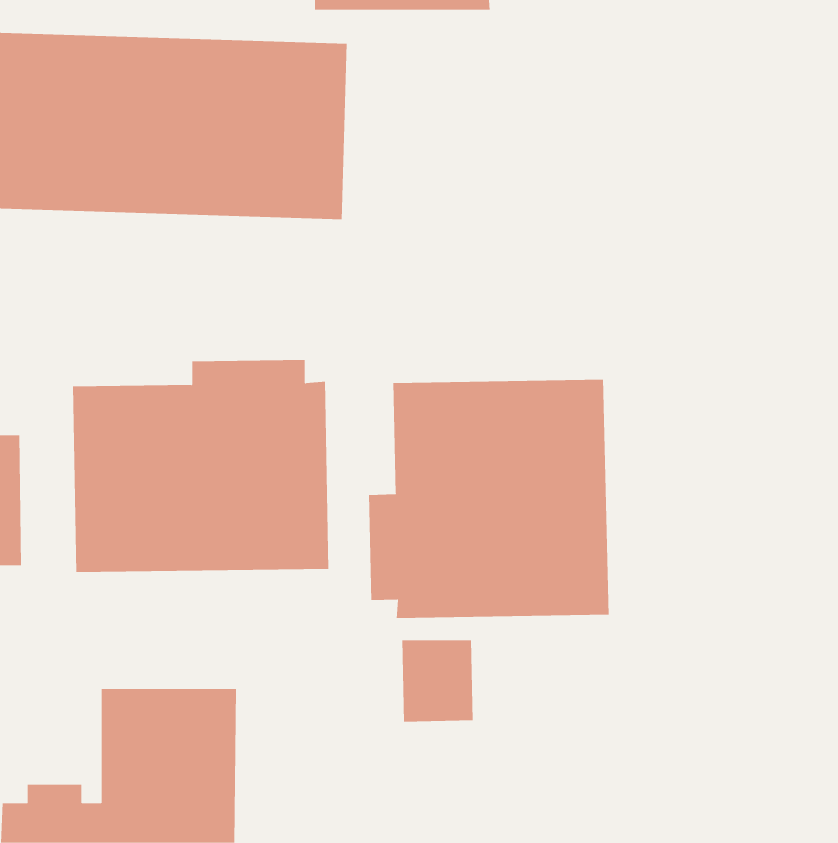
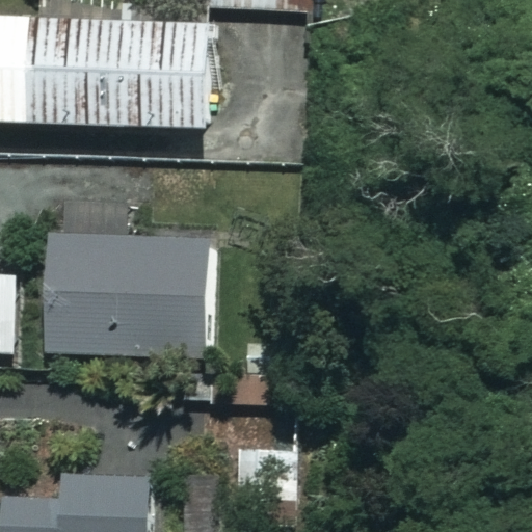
building: [369,379,609,619] -> none

